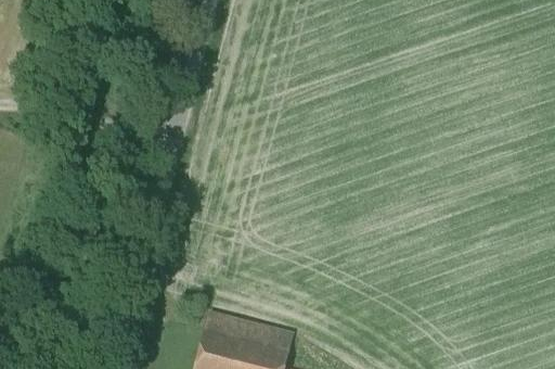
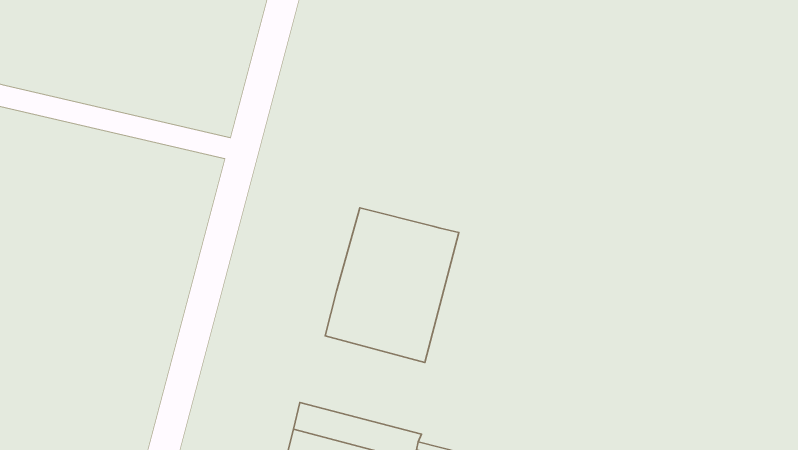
building: none -> [325,208,459,362]

